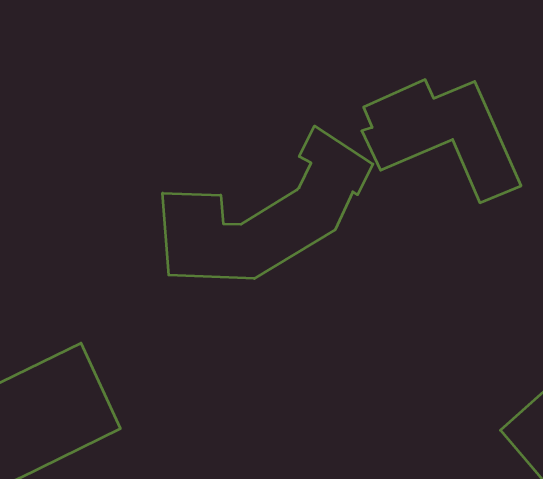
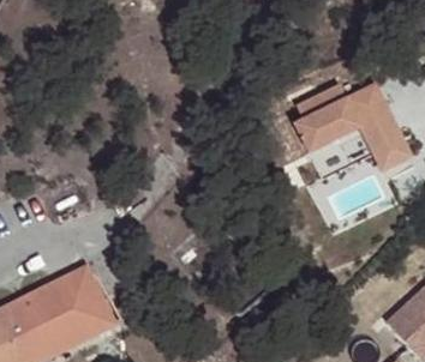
building: [163,126,373,279] -> none

